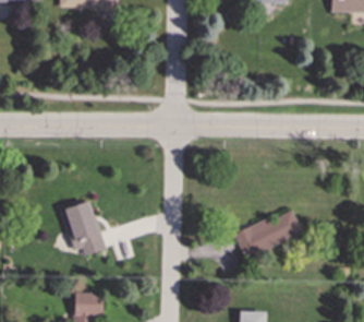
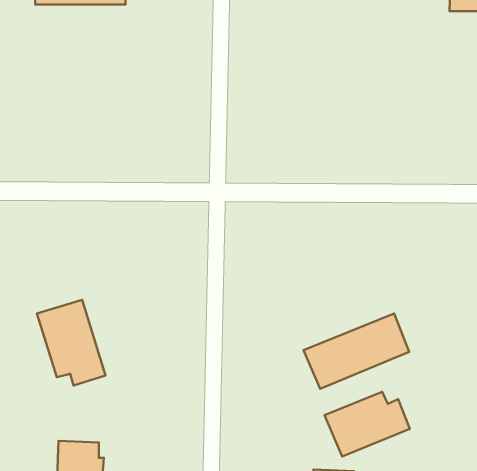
building: none -> [324,392,410,457]

